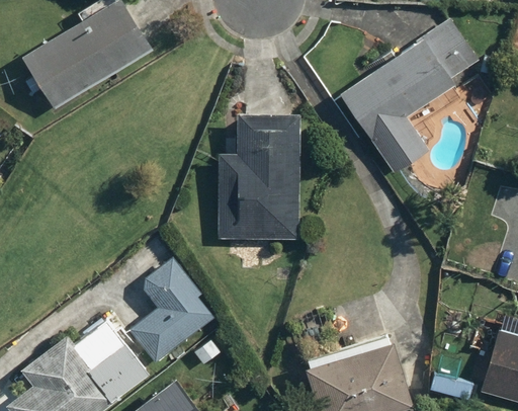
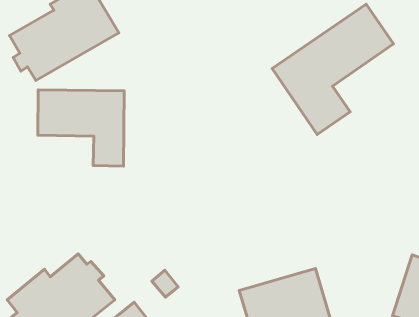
building: [219,111,299,242] -> none
building: none -> [38,90,124,166]
building: [133,257,214,365] -> none

